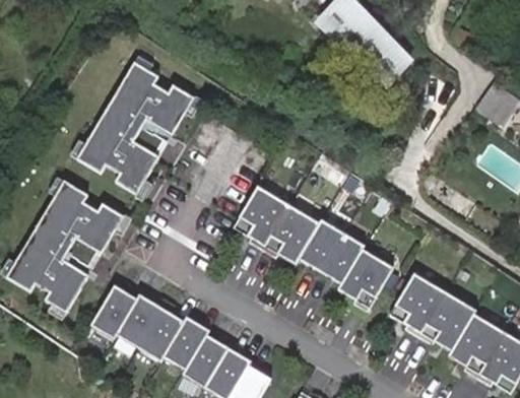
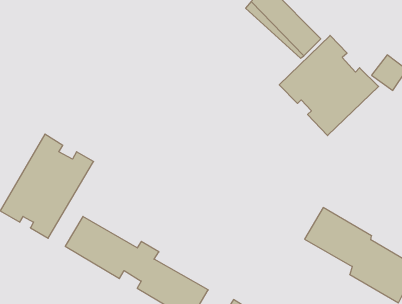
building: none -> [279,35,379,136]
building: [77,63,194,193] -> none
building: [233,184,397,315] -> none

